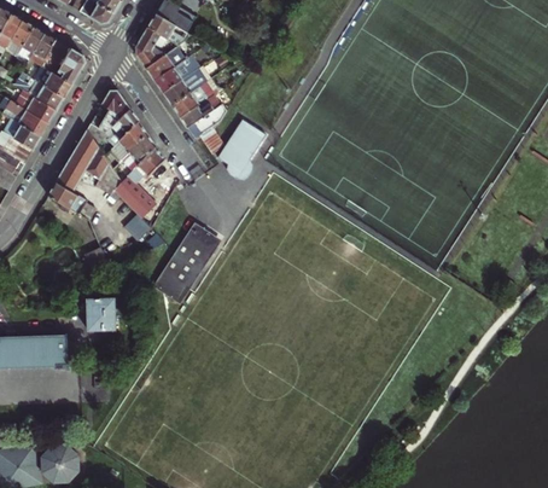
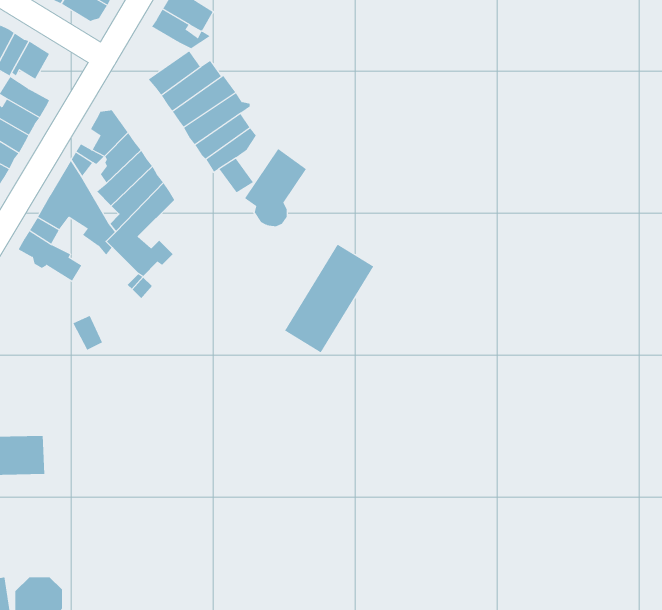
building: [135,28,176,68] -> none
building: [54,48,83,83] -> none
building: [152,223,220,306] -> [284,244,374,353]
building: [87,300,116,331] -> none

